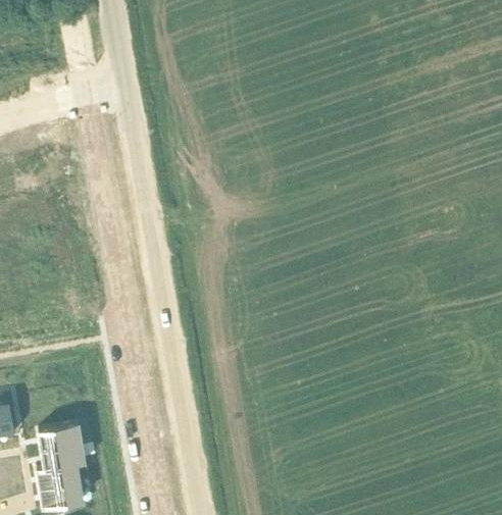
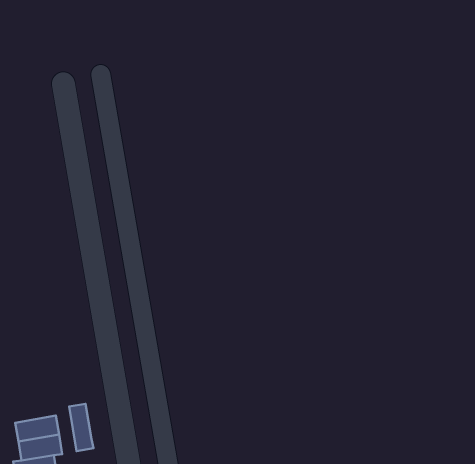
building: none -> [69,404,94,451]

